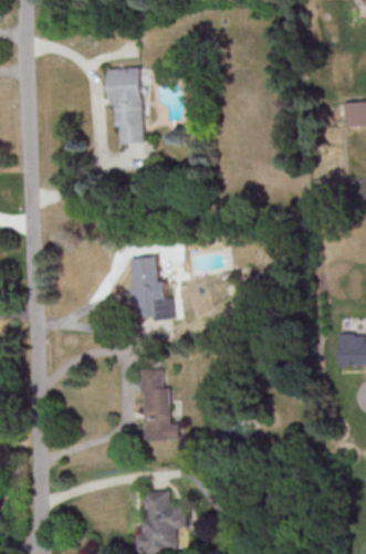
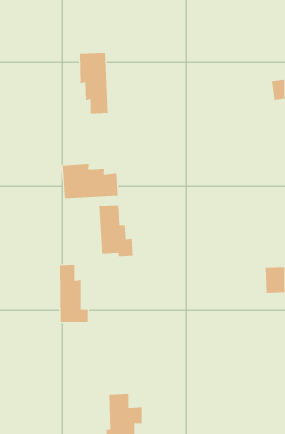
building: none -> [62,163,118,199]
building: [143,368,179,440] -> [59,264,89,322]

